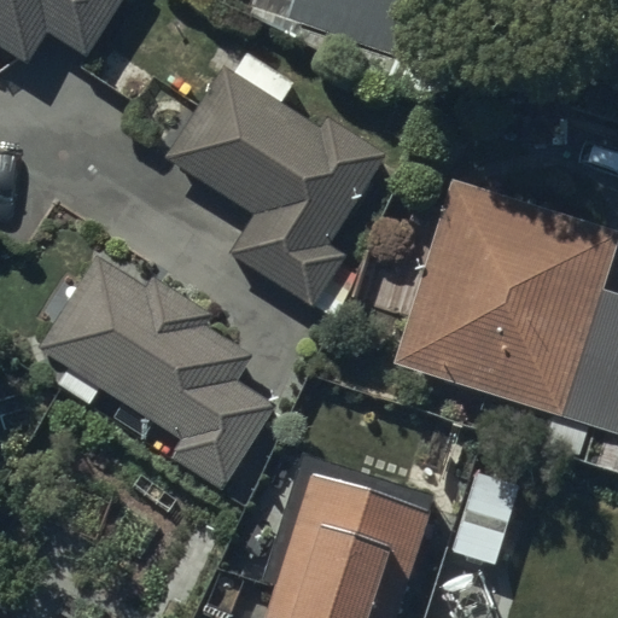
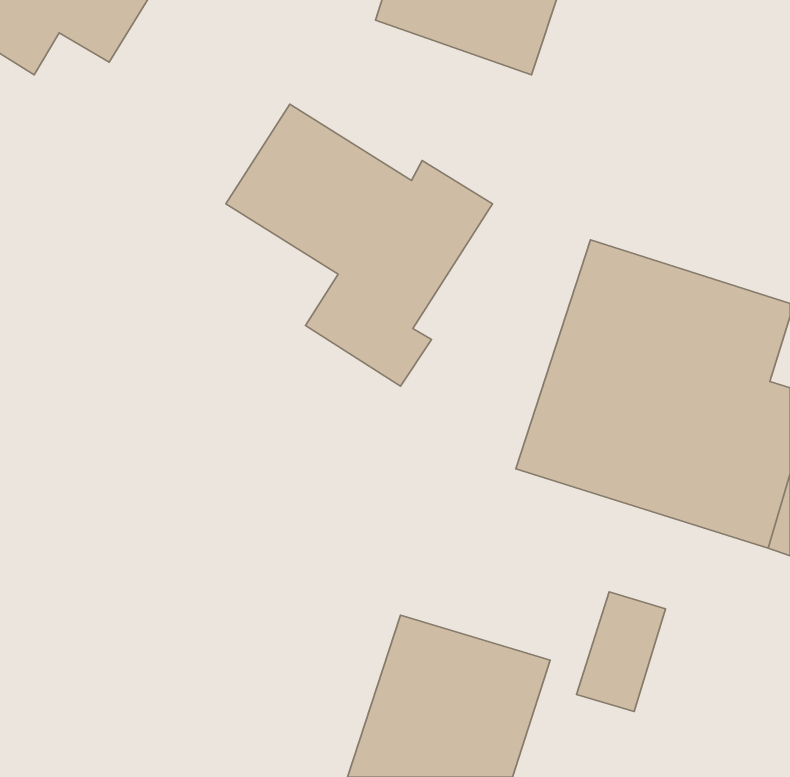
building: [47,268,267,482] -> none

